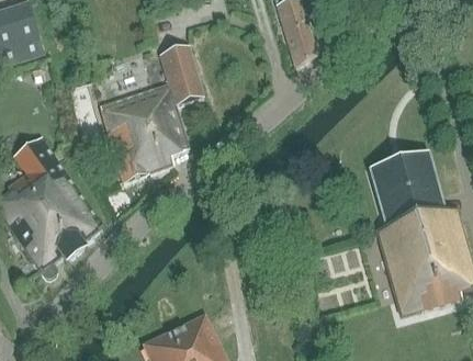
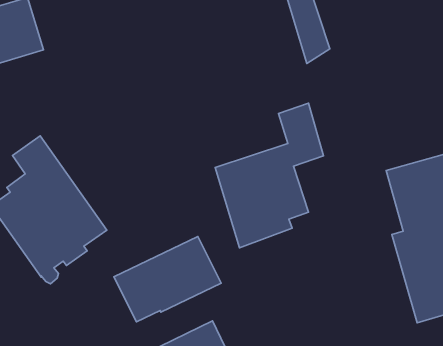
building: [99,43,202,181] -> [215,103,323,248]
building: none -> [114,236,221,322]

